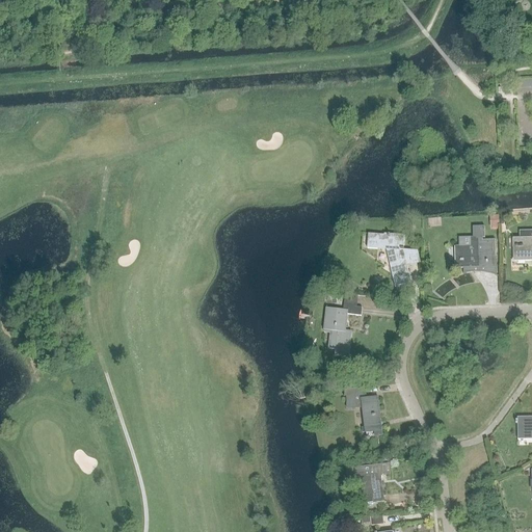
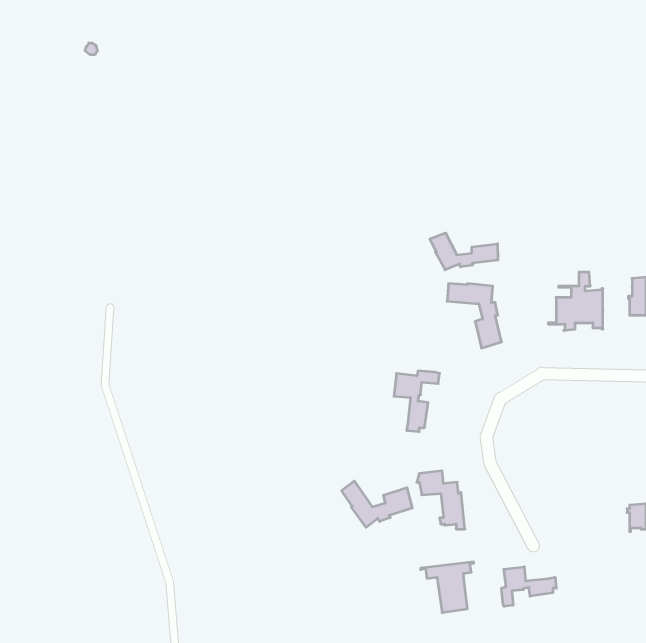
building: none -> [430,233,498,270]
building: none -> [342,481,412,527]
building: none -> [502,567,556,606]

